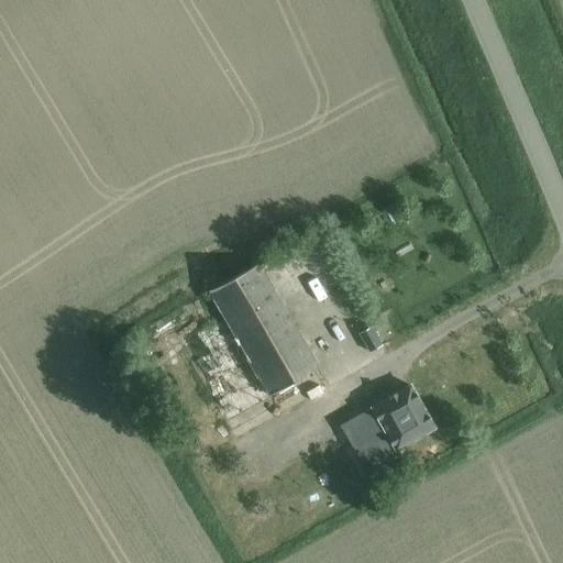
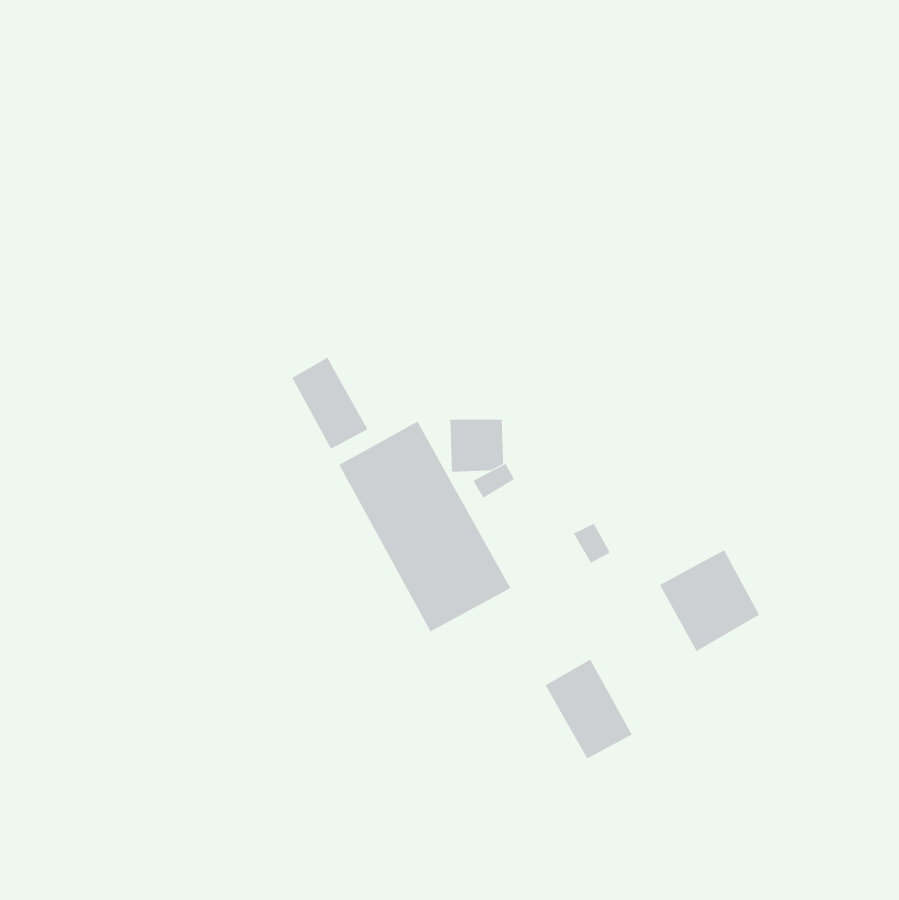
building: none -> [292,357,368,450]
building: [368,389,431,453] -> [659,550,760,652]

